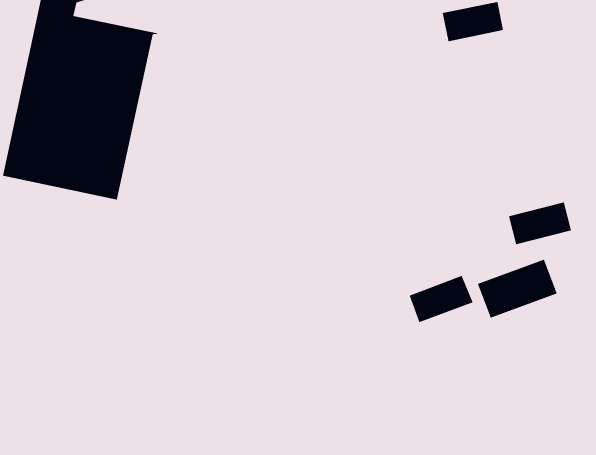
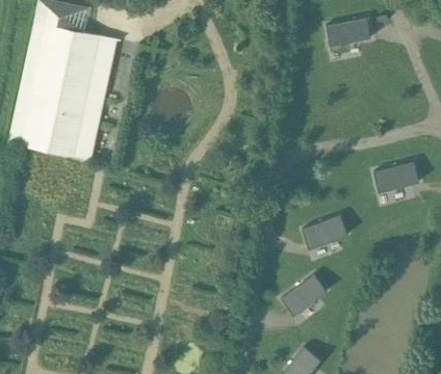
building: [477,259,557,318] -> none
building: none -> [281,274,327,316]

